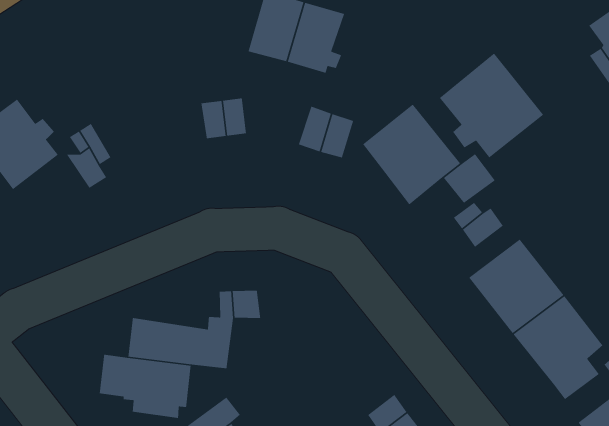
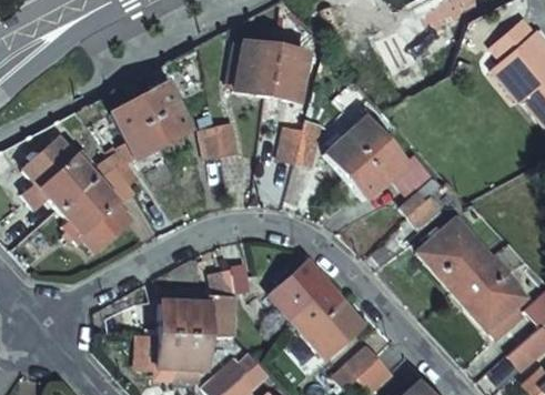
building: none -> [113,84,189,158]
building: [439,53,544,159] -> none
building: none -> [60,179,129,249]
building: none -> [272,261,364,355]

